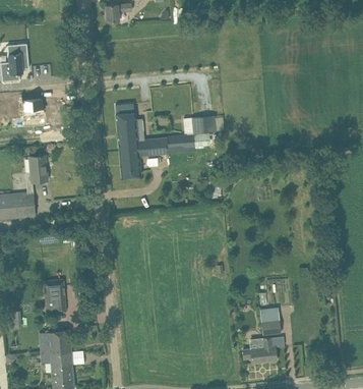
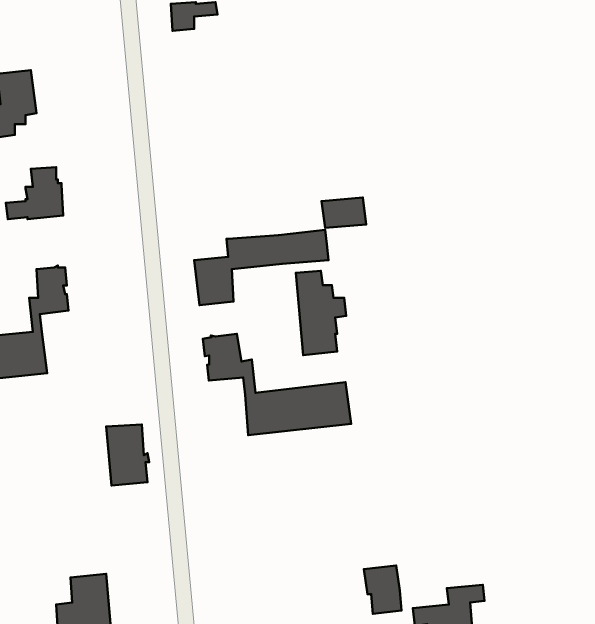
building: [115,104,143,152] -> [296,271,346,355]
building: none -> [203,334,351,435]
building: [43,280,67,315] -> [106,425,149,486]
building: [259,307,281,334] -> [364,566,402,614]

